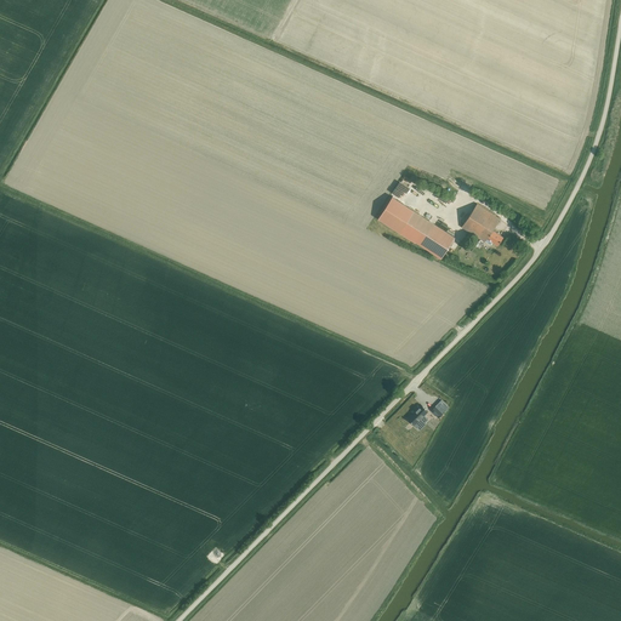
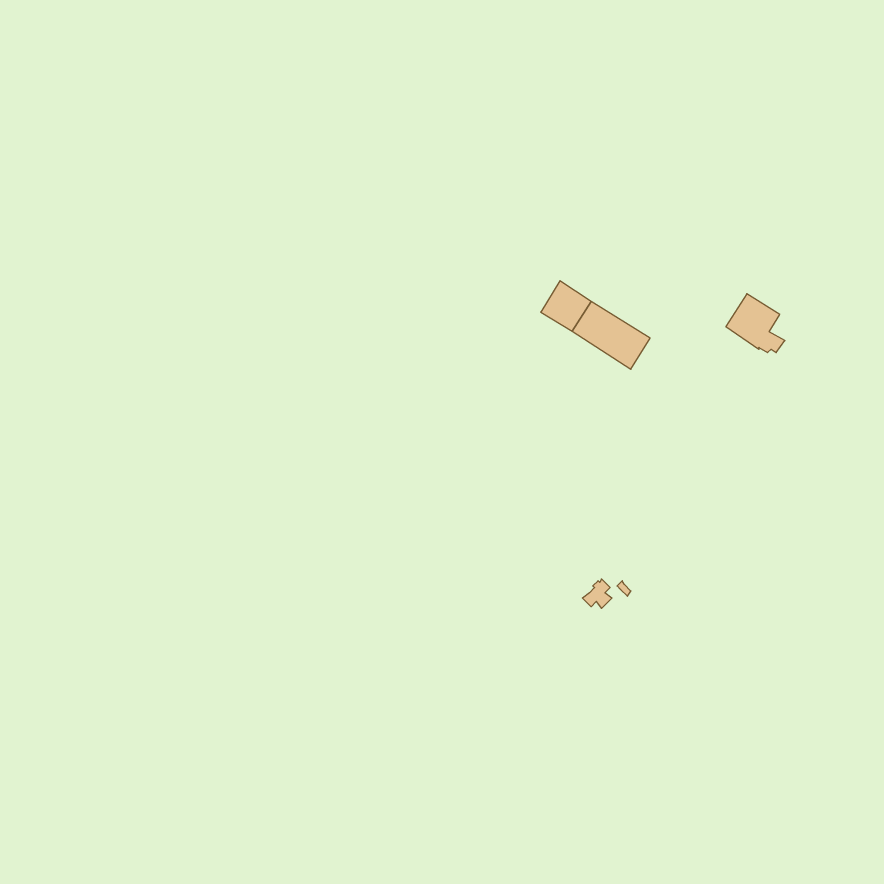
building: [463,205,505,246] -> [726,294,785,353]

